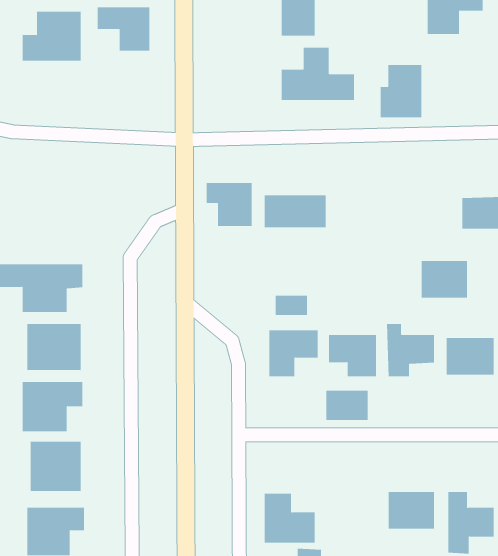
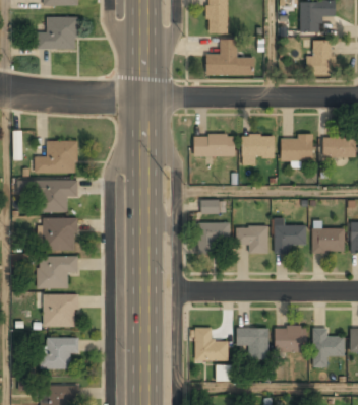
building: [97,7,150,51] -> none
building: [380,64,422,118] -> [306,41,334,75]
building: [206,182,252,227] -> none
building: none -> [241,136,275,157]
building: none -> [35,141,76,174]
building: [421,261,468,298] -> [281,138,311,162]
building: [326,390,368,421] -> none
building: none -> [236,329,267,361]

